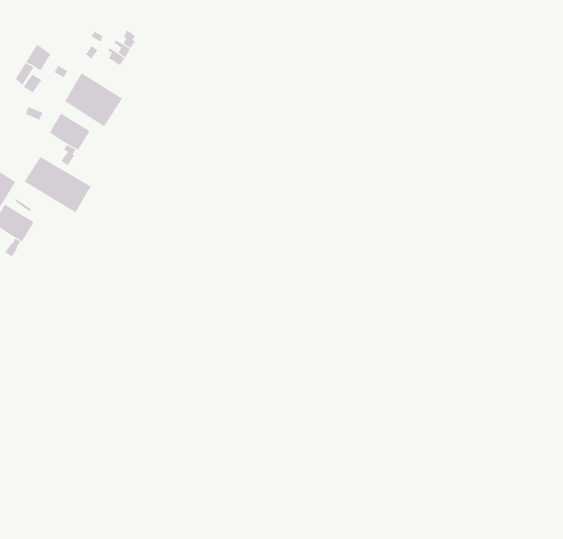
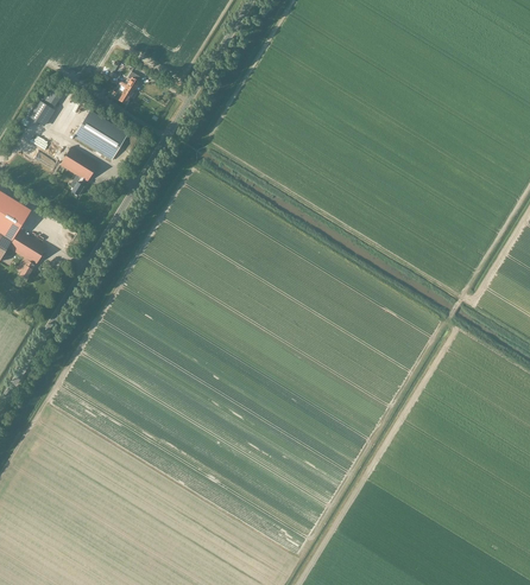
building: [24,156,91,213] -> none

